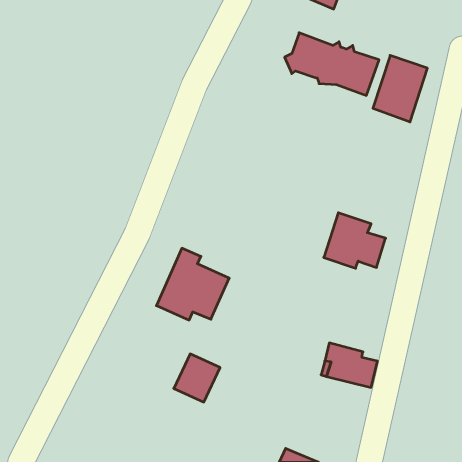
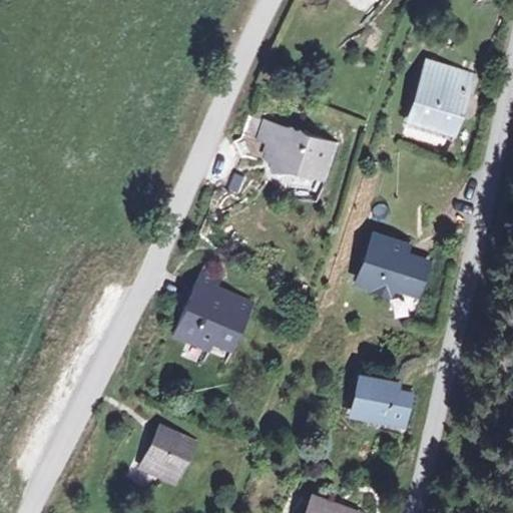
building: [285,33,379,95] -> [231,114,336,183]
building: [174,354,220,402] -> [141,427,192,480]

